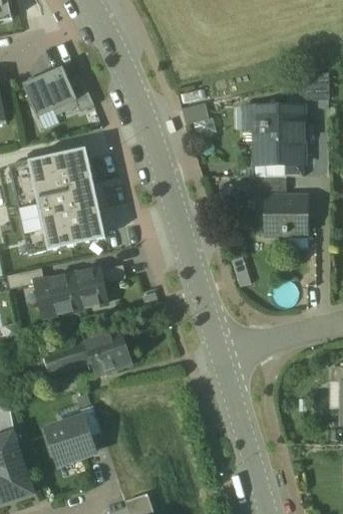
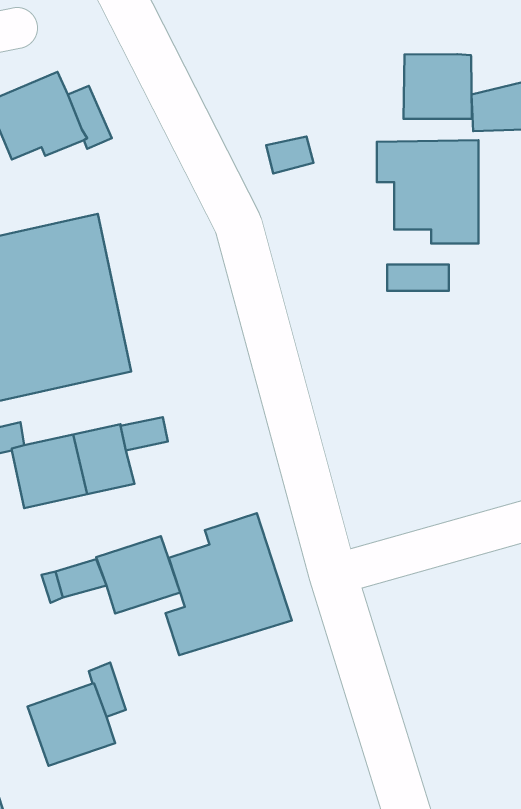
building: none -> [404,54,472,119]
building: [264,196,308,235] -> none
building: none -> [166,513,292,655]

